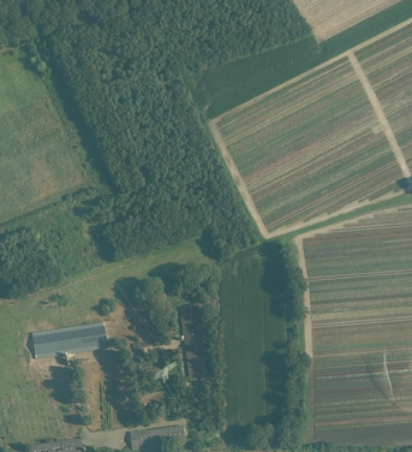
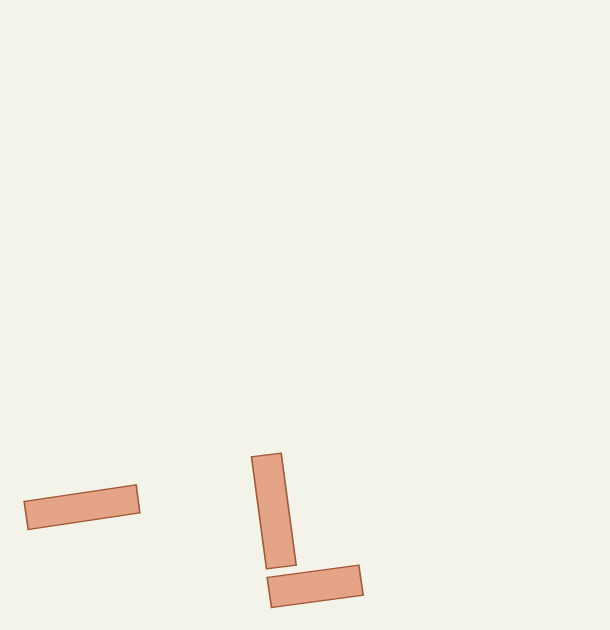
building: none -> [267,565,363,608]

